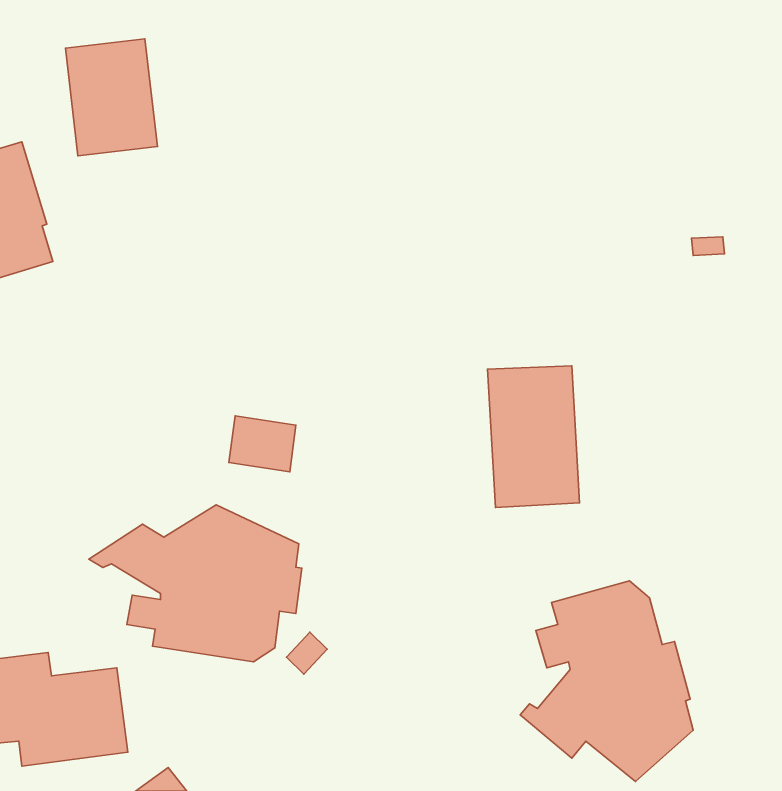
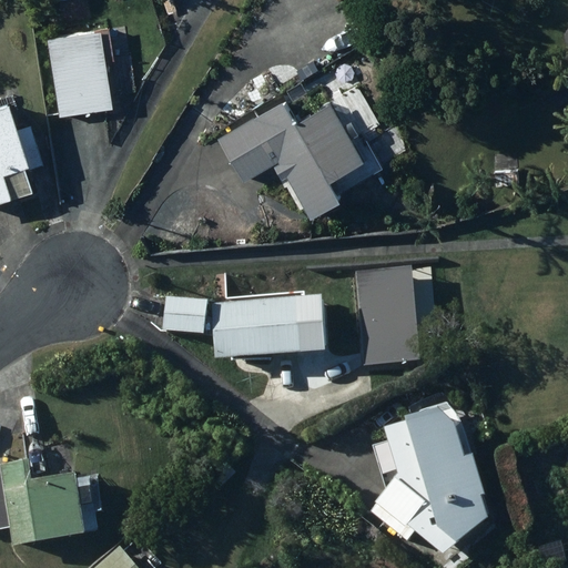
building: none -> [215,97,364,215]
building: none -> [215,290,310,359]
building: [89,505,302,662] -> none

